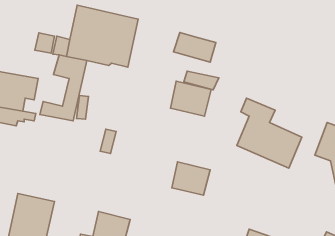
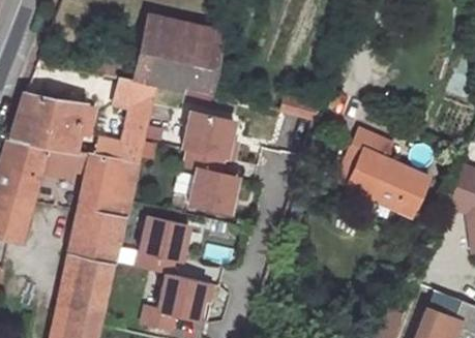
building: [174,33,216,62] -> none
building: [170,81,211,116] -> [187,112,239,156]
building: none -> [68,152,139,264]
building: [172,162,210,195] -> [194,168,242,211]
building: none -> [142,218,194,274]

